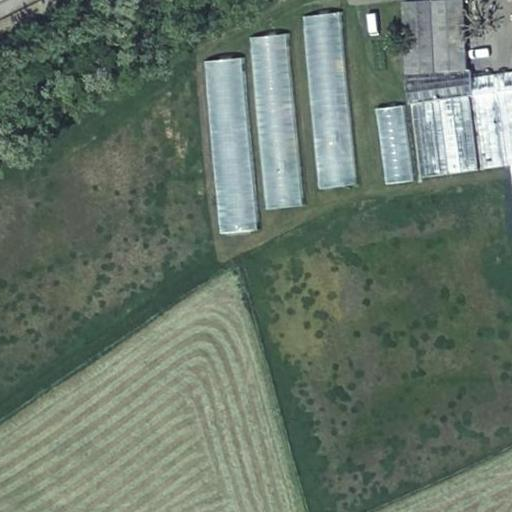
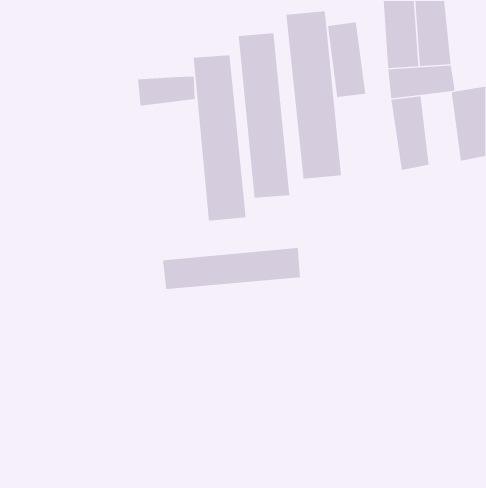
building: none -> [137,76,196,107]
building: [441,96,482,173] -> none
building: [374,104,415,184] -> [327,22,366,98]
building: none -> [162,247,301,290]

